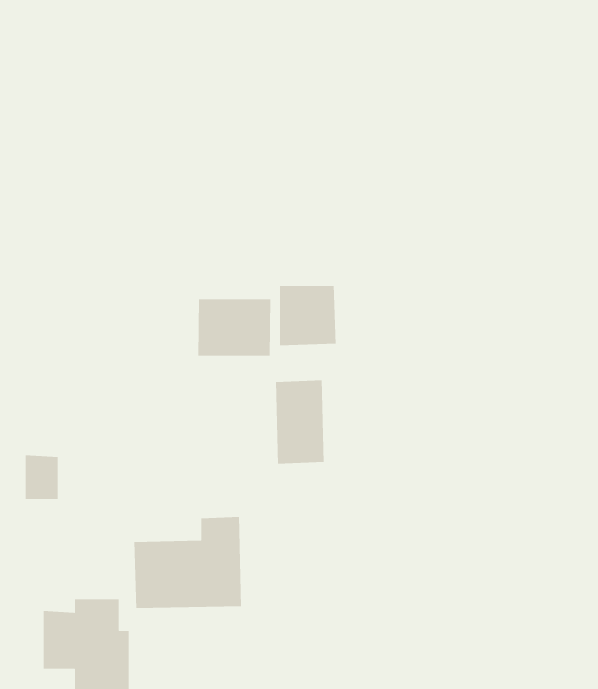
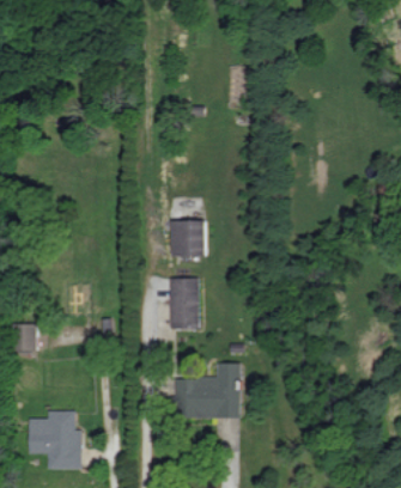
building: [198,298,271,357] -> none
building: [133,516,242,609] -> [175,362,241,419]

